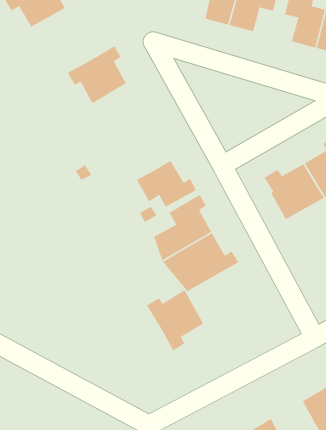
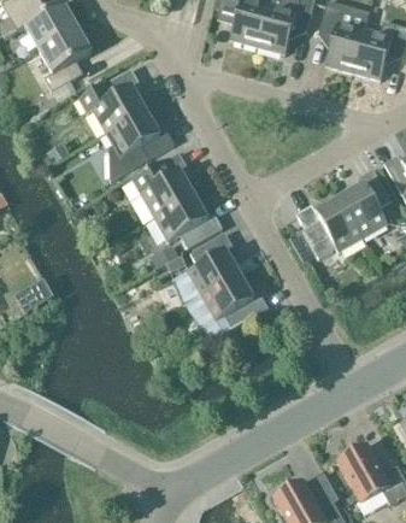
building: none -> [39,27,90,90]
building: none -> [106,110,175,180]
building: none -> [133,152,193,216]
building: [146,289,204,351] -> none

